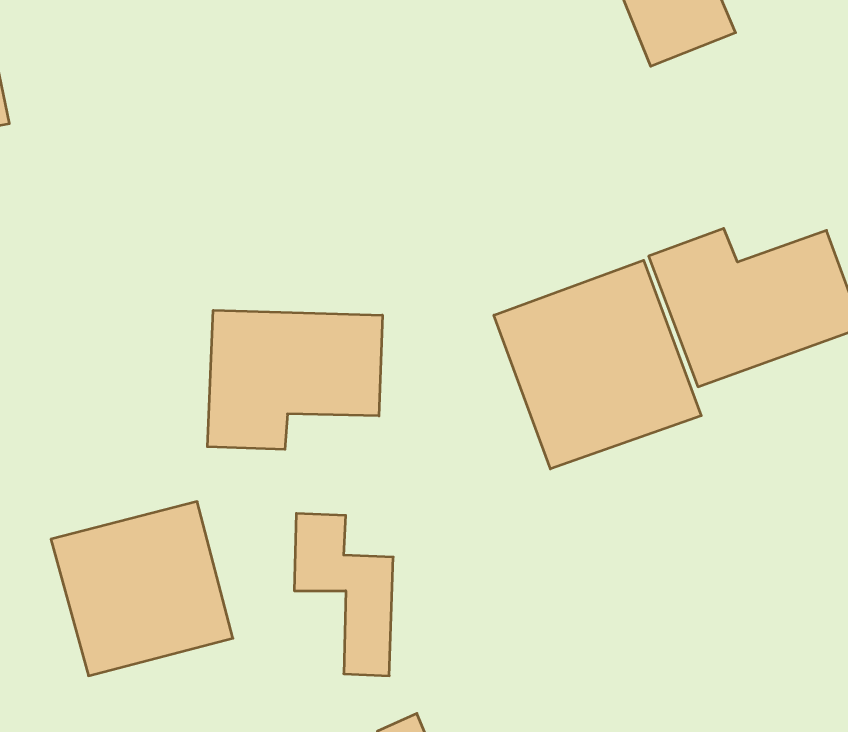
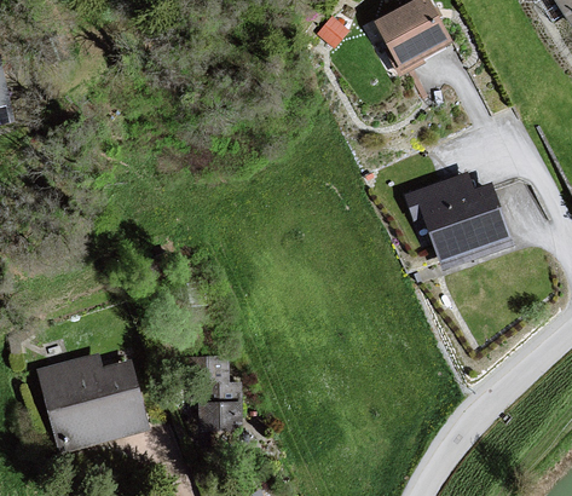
building: [494,260,701,469] -> none
building: [207,310,382,449] -> none

